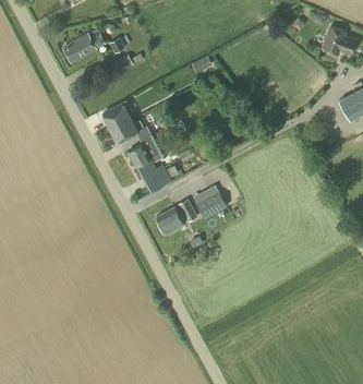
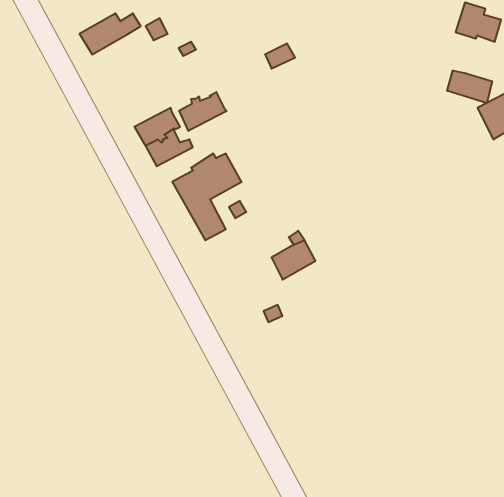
building: none -> [447,70,492,103]
building: none -> [179,92,227,131]
building: [156,200,197,236] -> none

